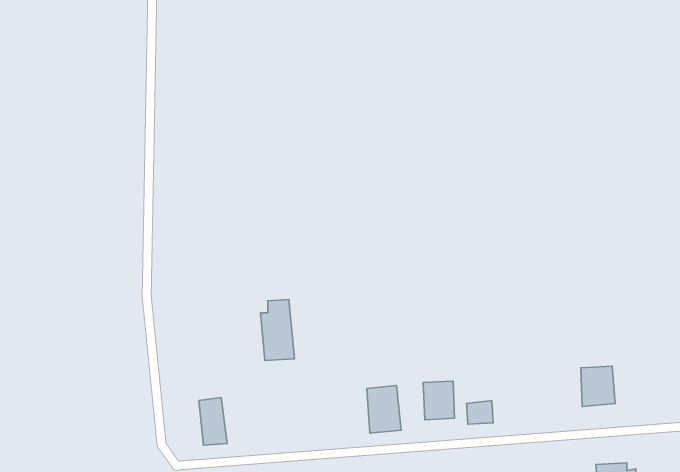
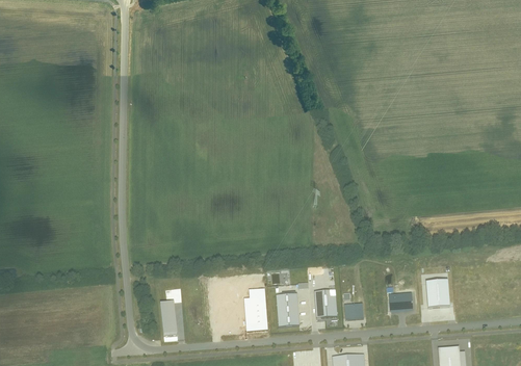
building: [260,299,295,360] -> [245,285,269,328]
building: none -> [388,289,413,309]

